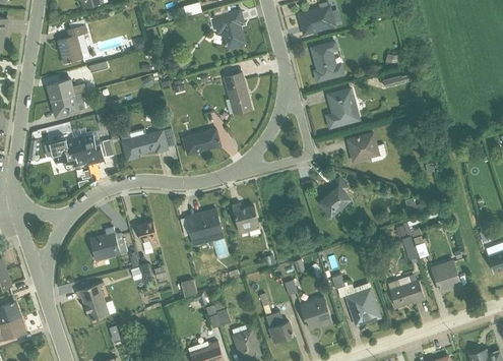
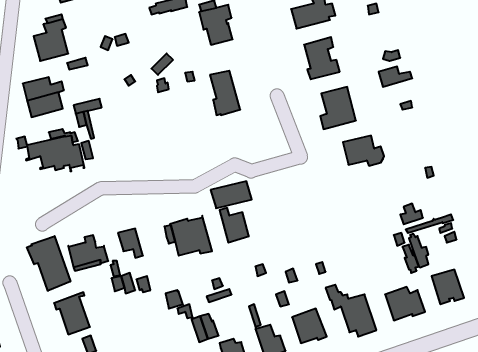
building: [121,126,167,160] -> none
building: [182,128,221,154] -> [211,181,252,208]
building: [318,176,352,217] -> none
building: none -> [27,236,70,291]

